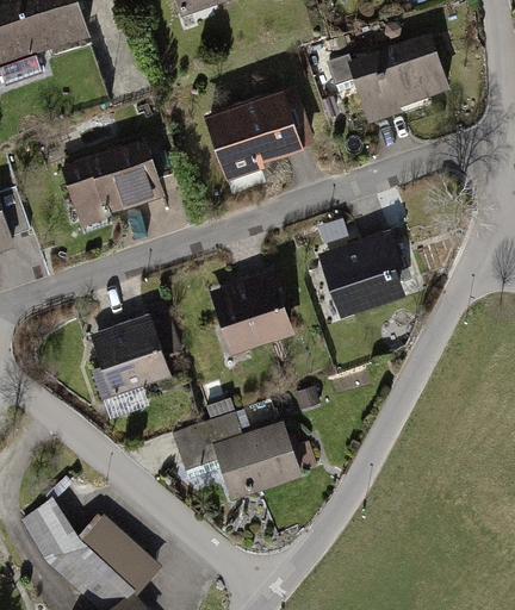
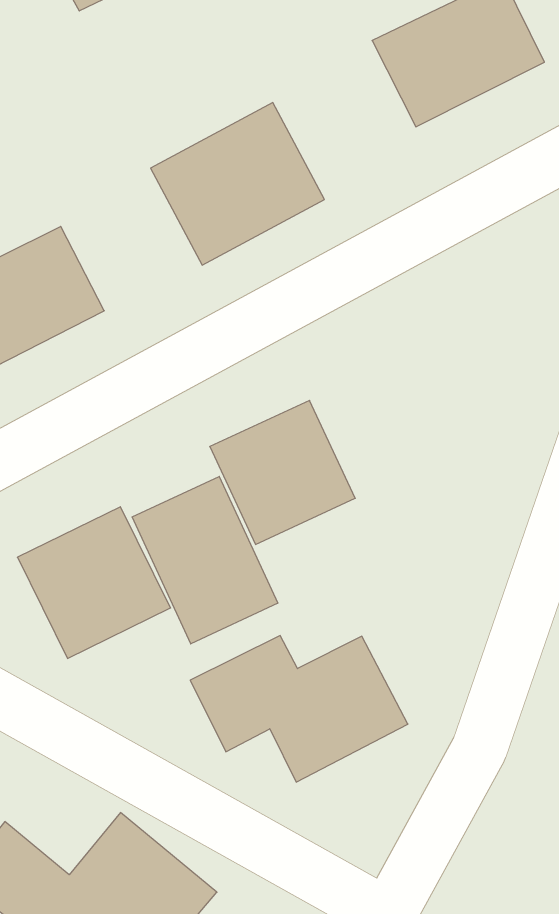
building: [318,236,399,316] -> none
building: none -> [132,476,278,644]

